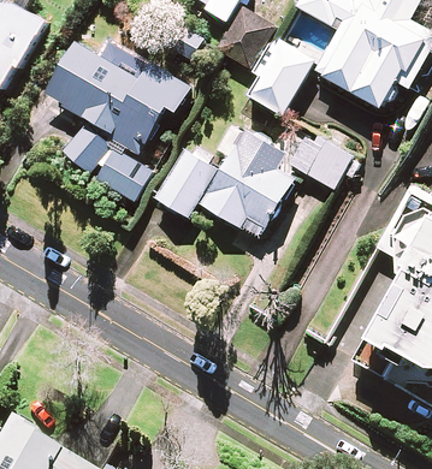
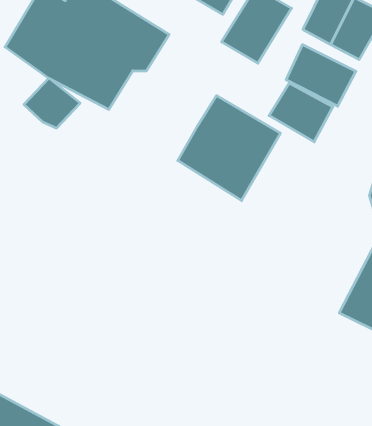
building: none -> [286,45,356,106]
building: [99,149,149,195] -> none
building: [155,152,218,219] -> none

